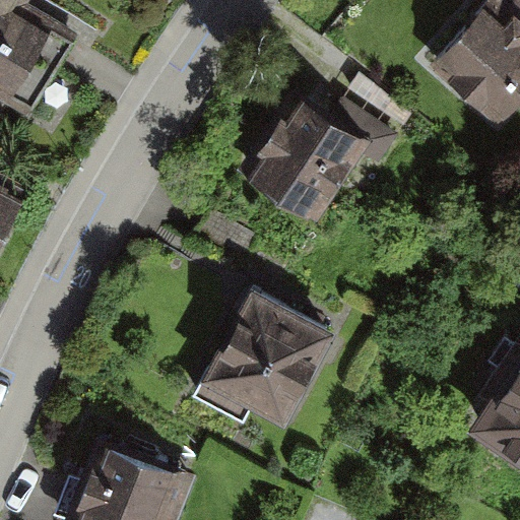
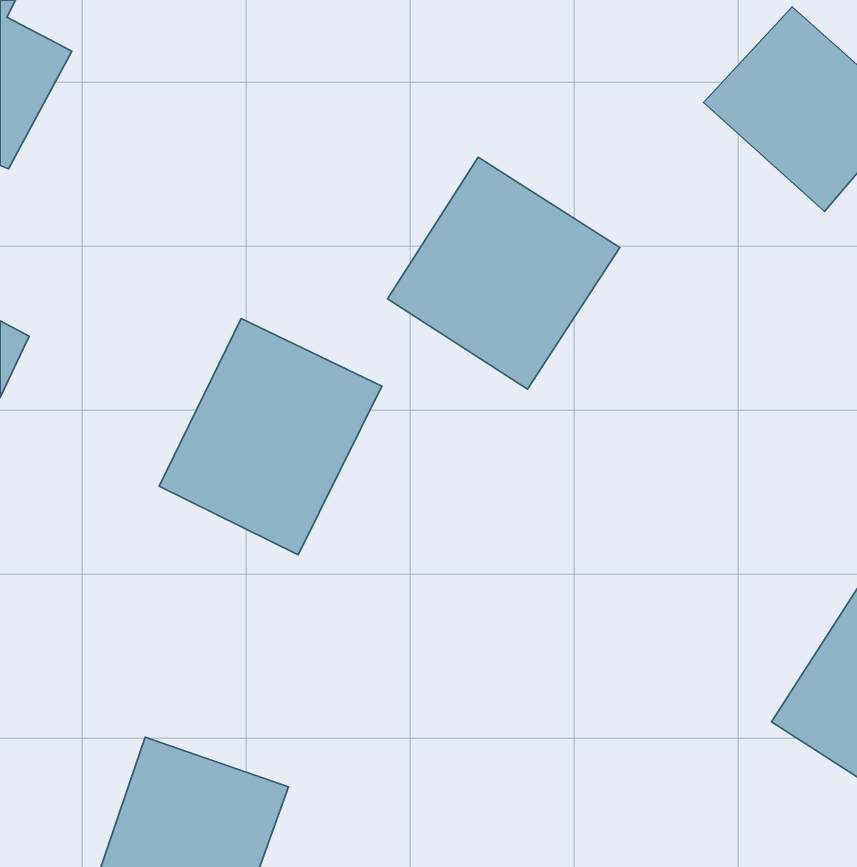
building: none -> [159,318,382,555]
building: [202,291,333,427] -> none

